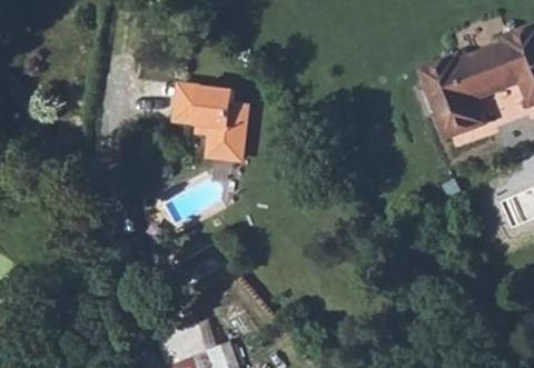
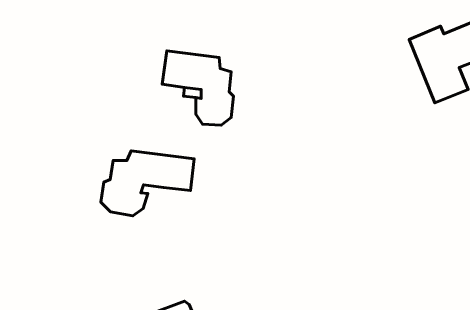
building: none -> [101,151,194,216]

